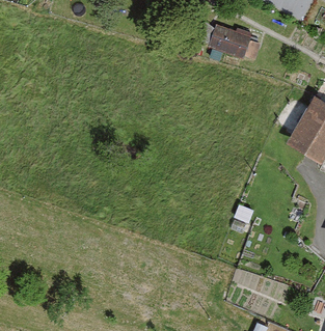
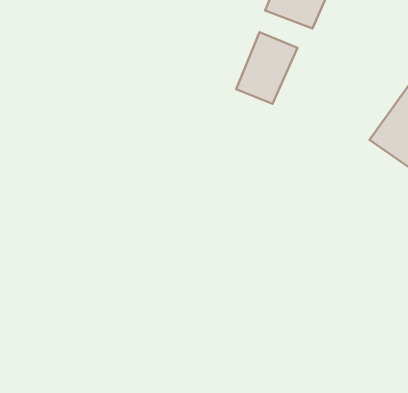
building: none -> [236,32,297,104]

